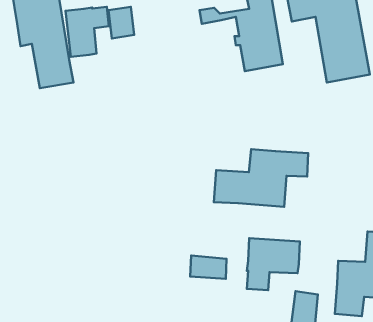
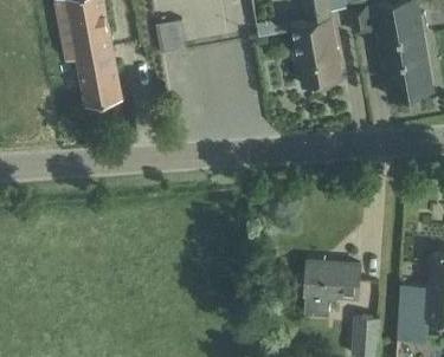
building: [65,7,109,57] -> none
building: [214,149,308,207] -> none
building: [190,255,227,279] -> none

